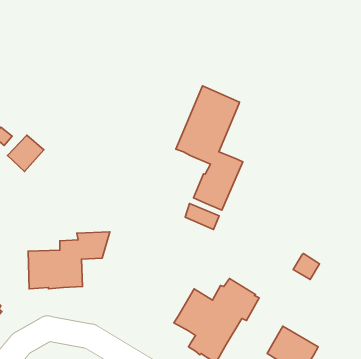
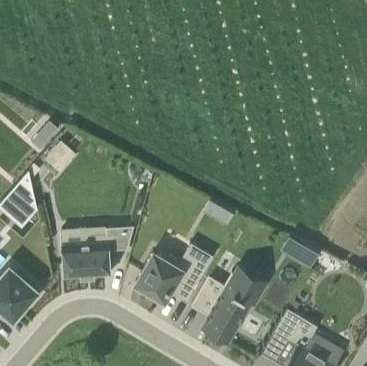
building: [176,86,243,210] -> none
building: none -> [133,246,211,305]

